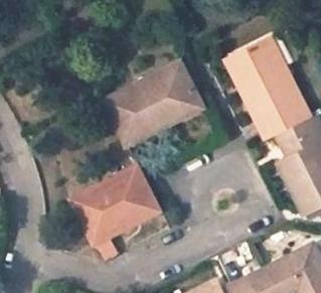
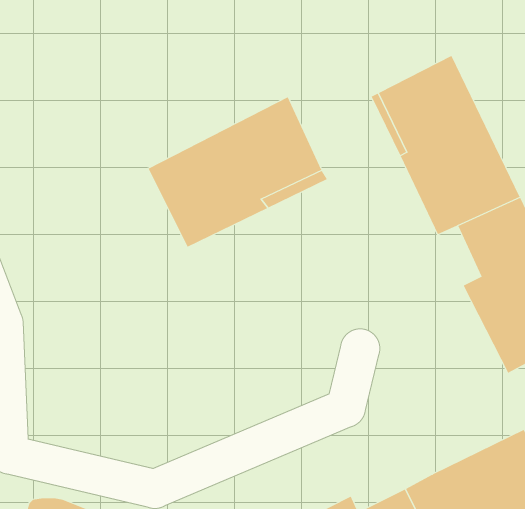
building: [70,165,158,242] -> none

